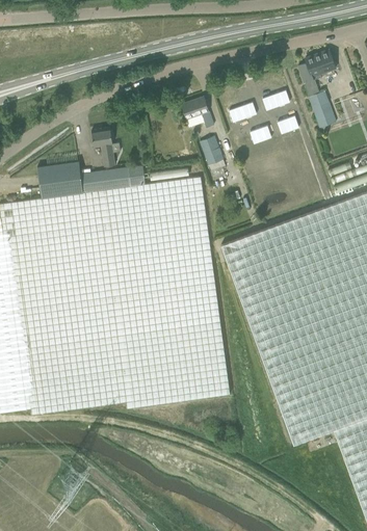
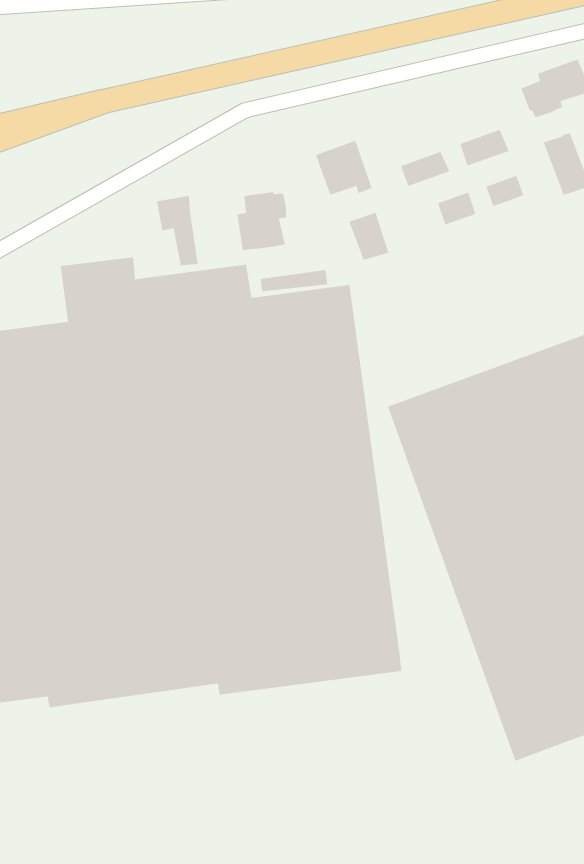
building: none -> [237,191,286,251]

